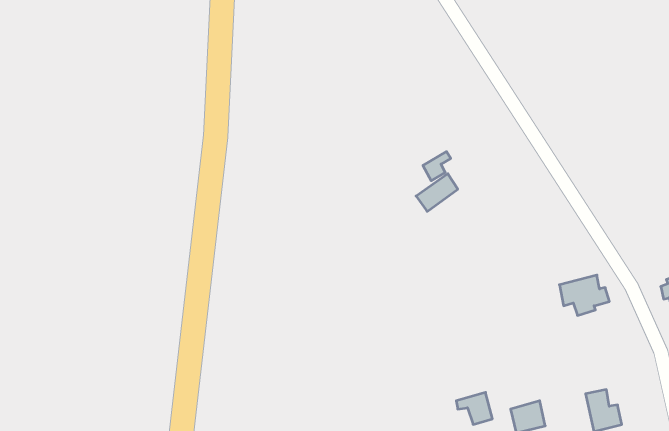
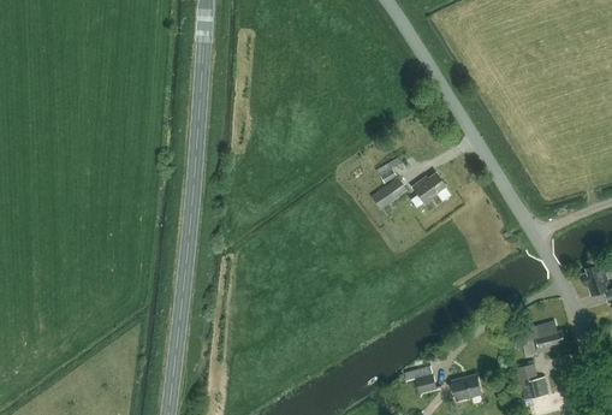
building: none -> [411,172,445,204]
building: [559,275,609,315] -> [522,319,565,354]

